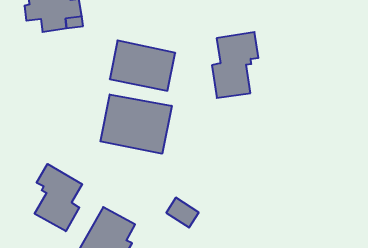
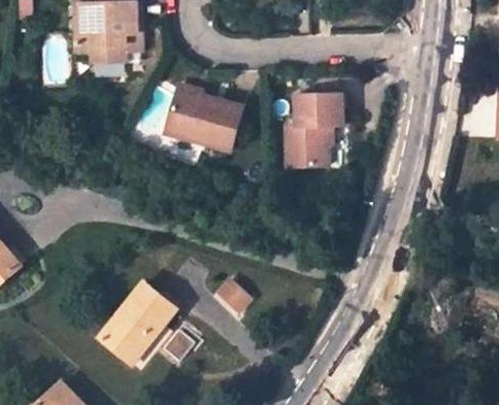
building: [100,94,172,154] -> none
building: [35,164,82,231] -> none

